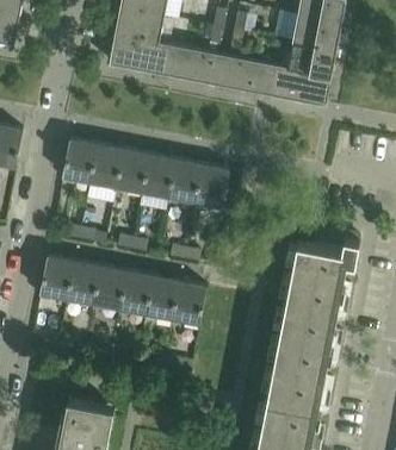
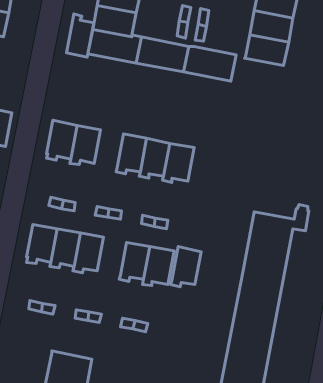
building: none -> [67,14,94,57]
building: [271,64,330,105] -> none
building: [115,149,149,194] -> none
building: [118,270,153,315] -> [171,247,201,287]

